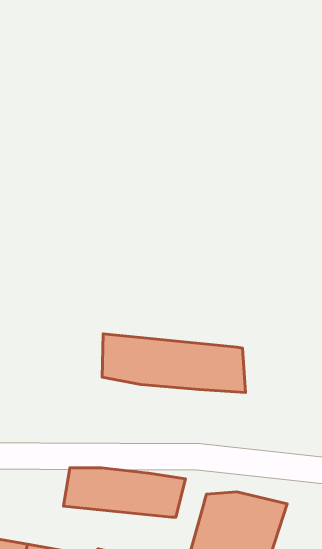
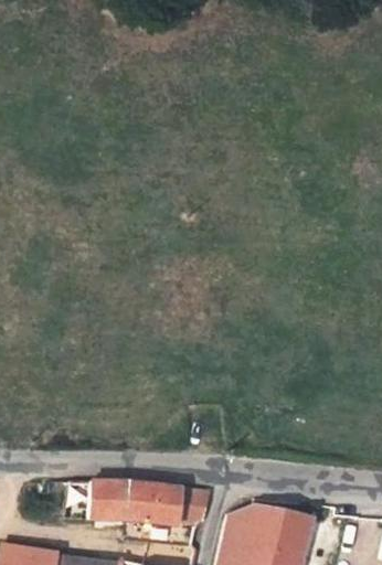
building: [102,334,245,392] -> none

